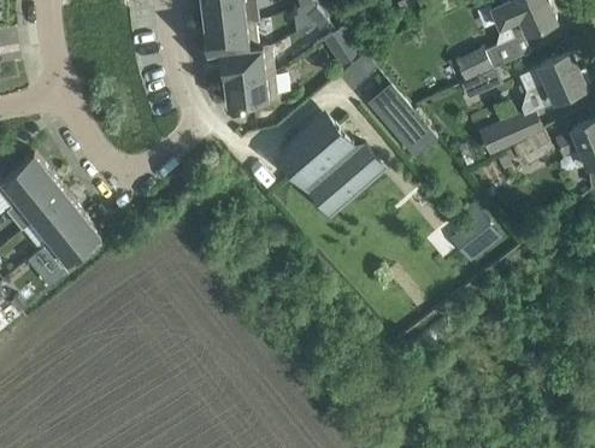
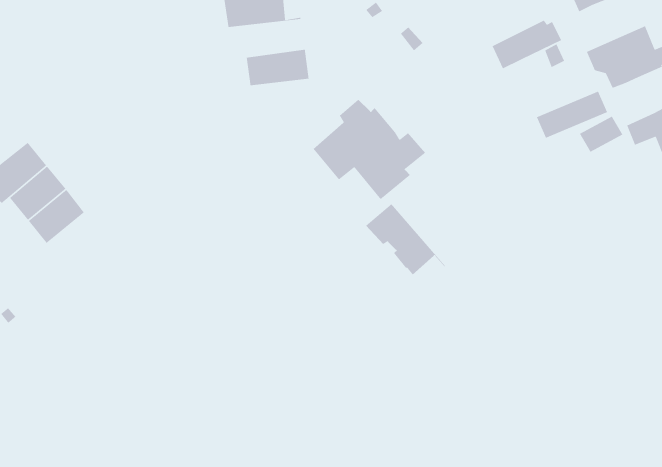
building: [207,49,275,82] -> none
building: [367,87,437,149] -> [365,203,446,275]
building: [43,217,101,271] -> none
building: [450,217,502,267] -> none

